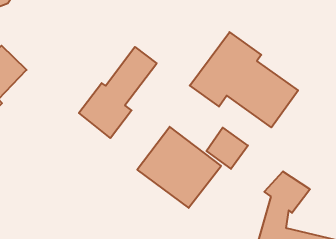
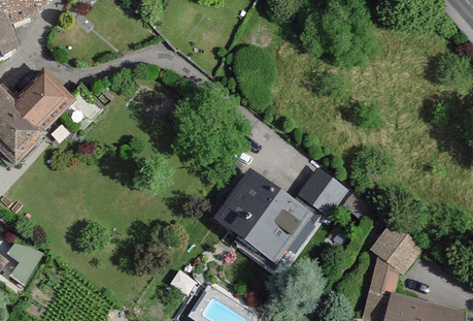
building: [190,32,298,127] -> none
building: [79,47,157,138] -> none

